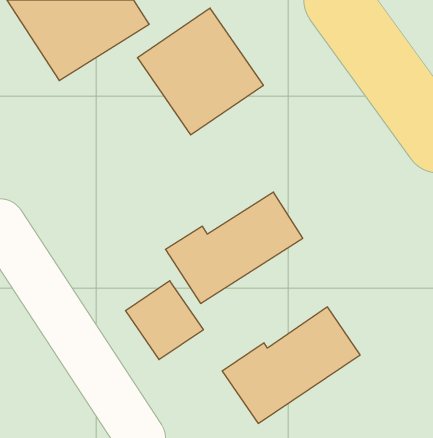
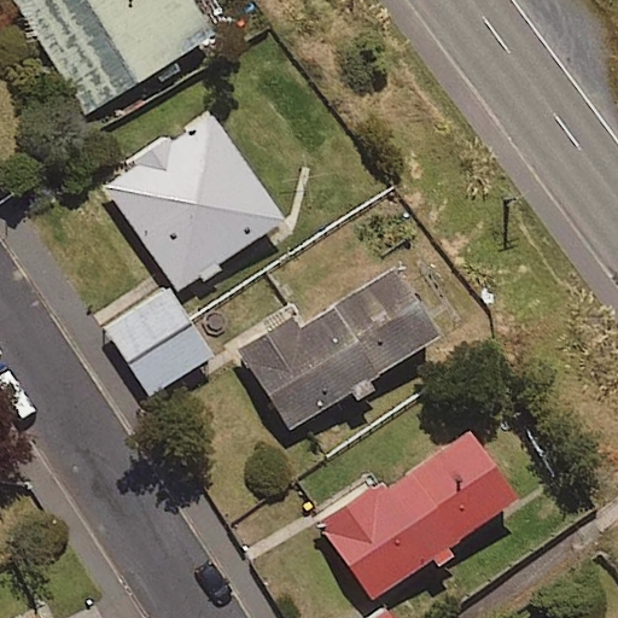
building: [137,8,263,135] -> [107,111,285,290]
building: [125,281,203,360] -> [104,287,214,398]

